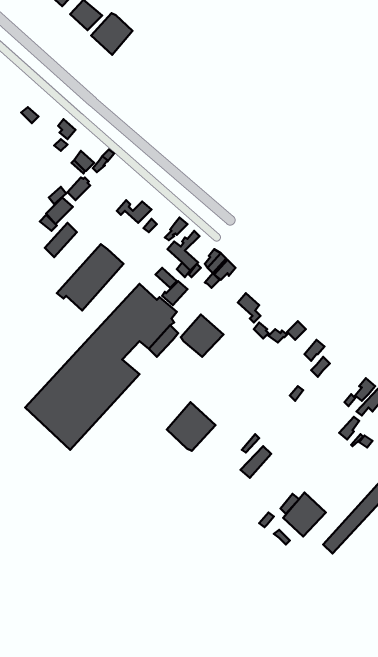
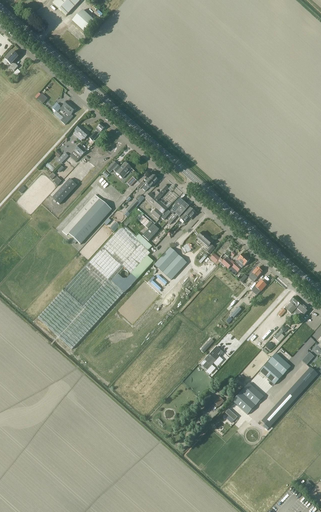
building: [91,13,133,55] -> none
building: [167,402,215,451] -> none
building: none -> [260,352,291,383]

